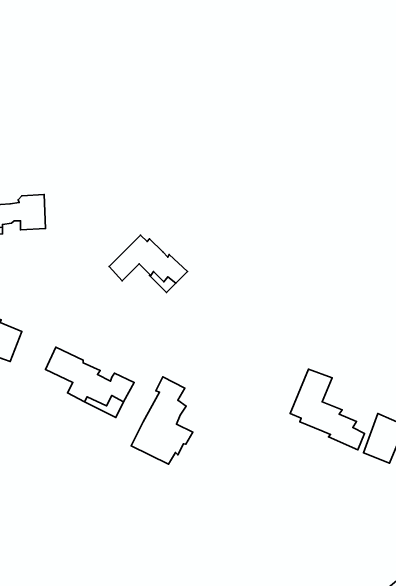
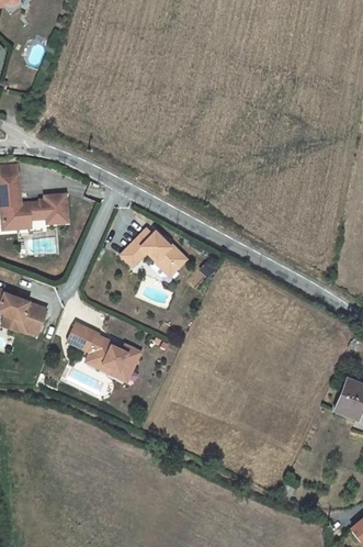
building: [290,369,365,450] -> none
building: [131,377,193,464] -> none

